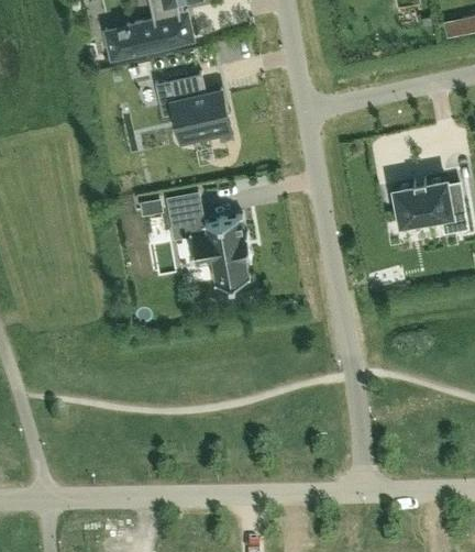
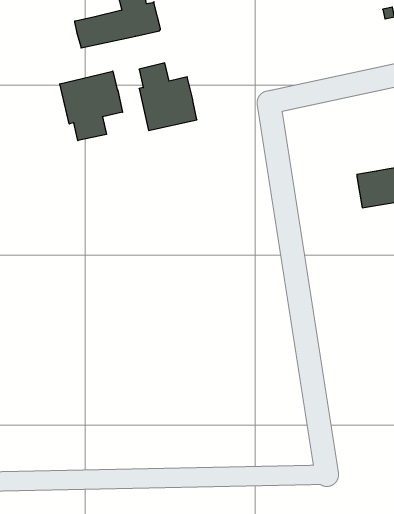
building: none -> [60,71,123,141]
building: [167,195,251,286] -> none

